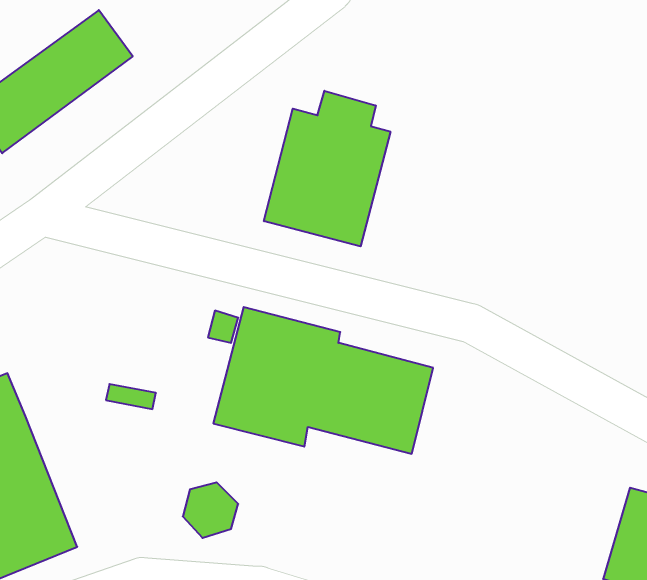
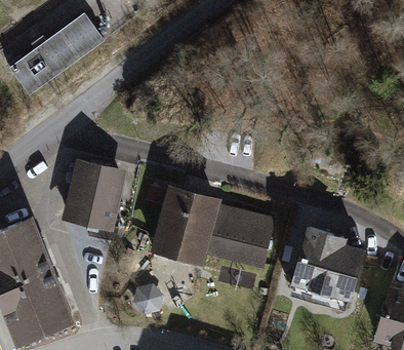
building: [264,91,390,246] -> none
building: none -> [67,165,122,227]
building: none -> [291,226,364,300]

